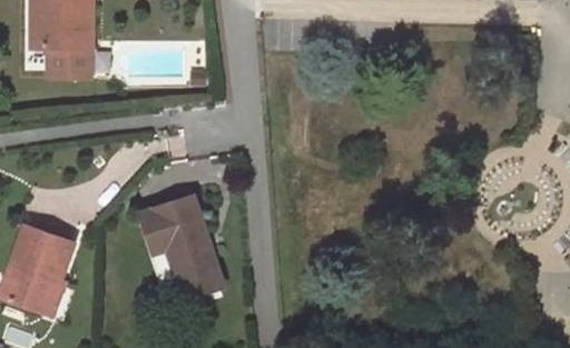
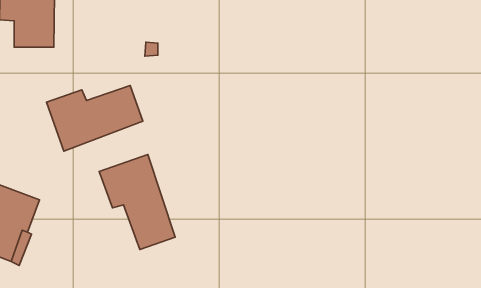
building: none -> [47,86,143,151]

